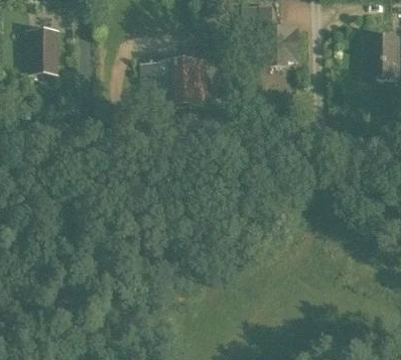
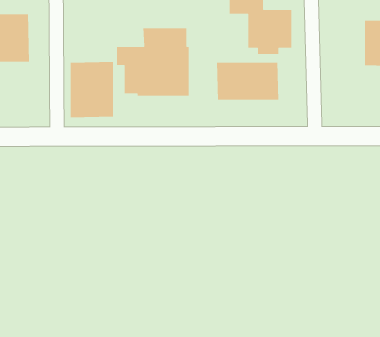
building: none -> [70,61,114,118]
building: none -> [216,62,279,101]

